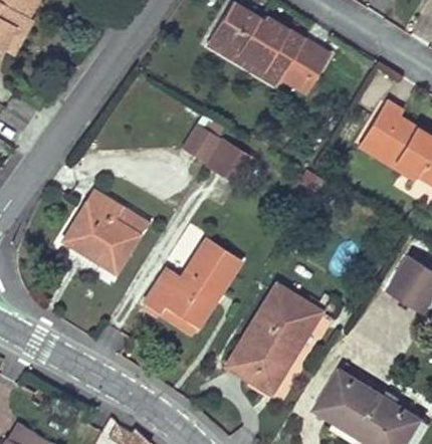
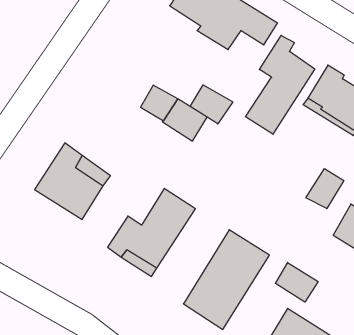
building: none -> [246,35,315,134]
building: none -> [190,85,233,124]
building: none -> [306,169,344,209]
building: none -> [275,262,318,302]

